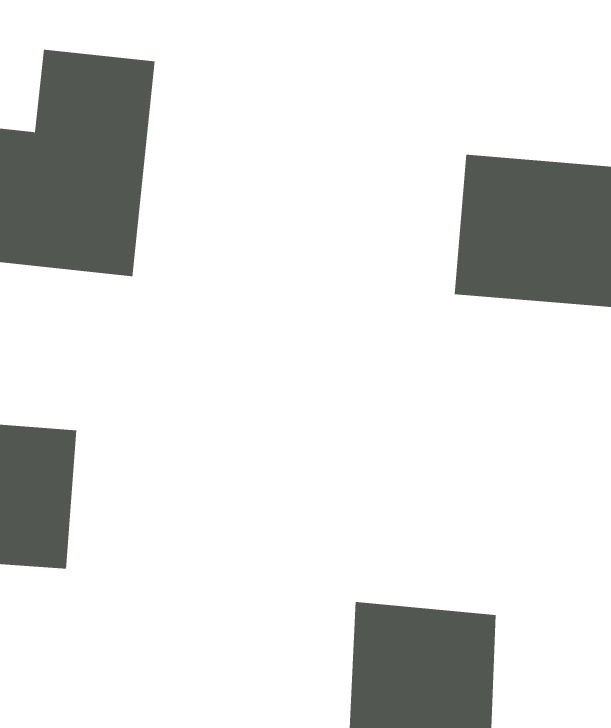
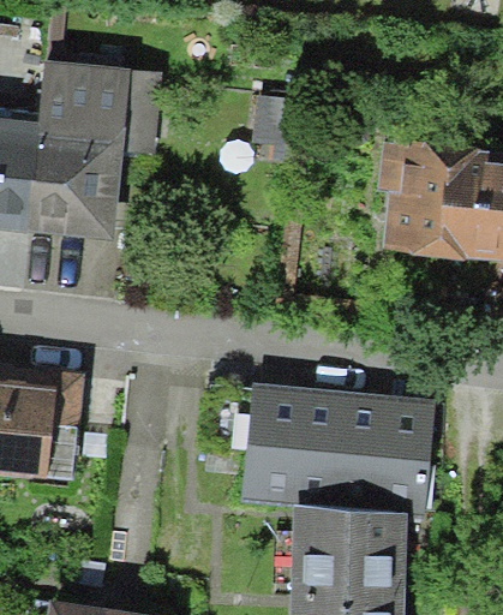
building: none -> [236,383,430,518]

